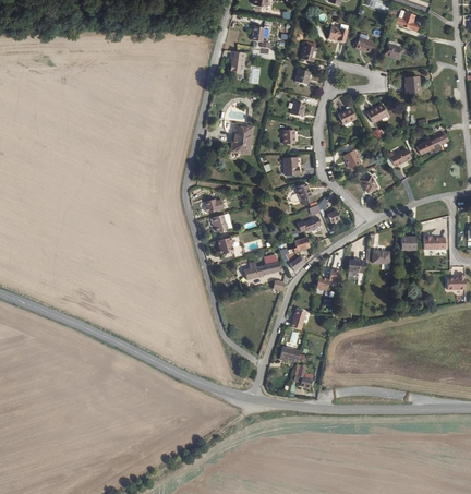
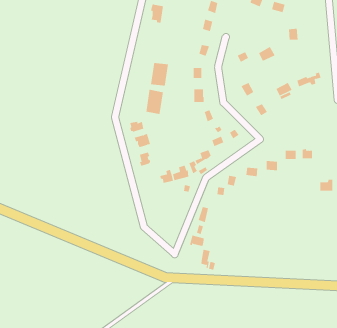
building: none -> [146,89,163,115]

